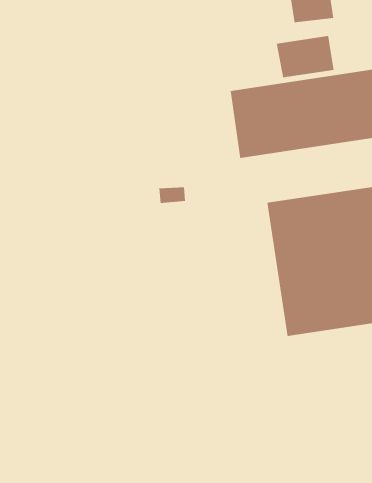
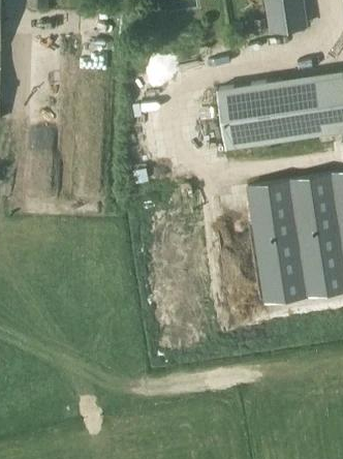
building: [276,35,334,78] -> none

